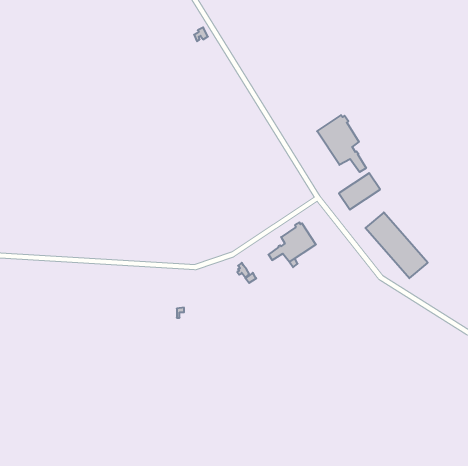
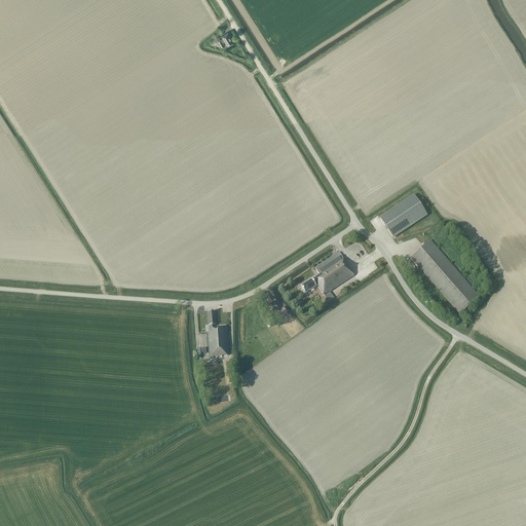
building: [317,115,366,172] -> none
building: none -> [208,310,228,355]

